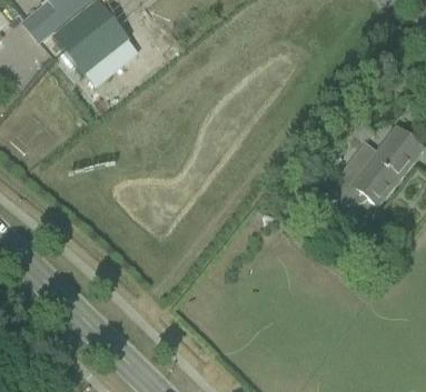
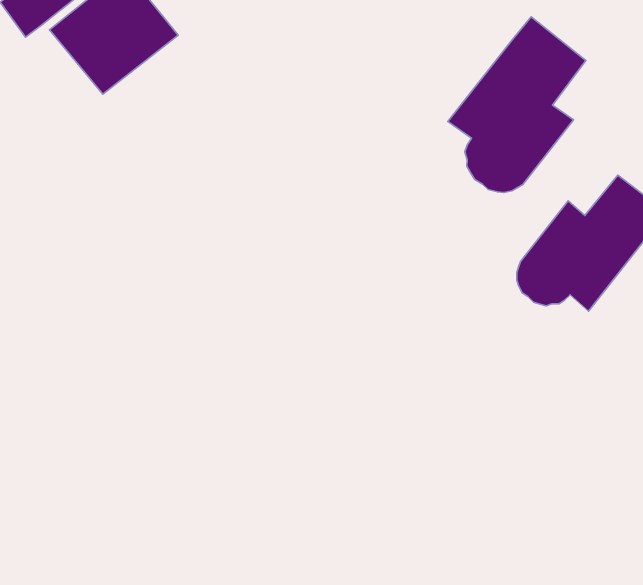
building: none -> [448,17,586,193]

